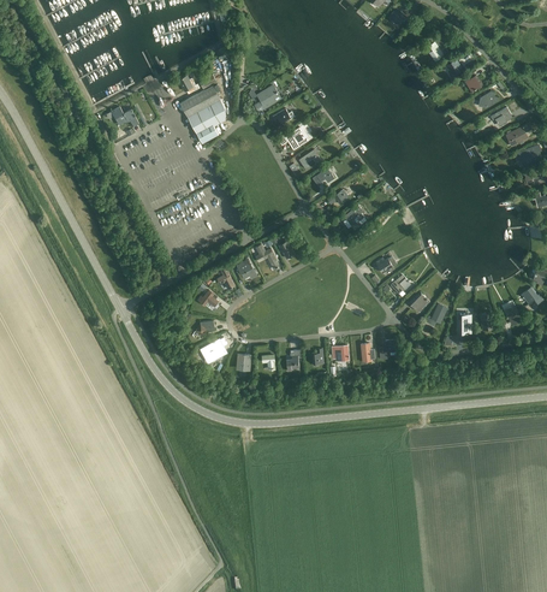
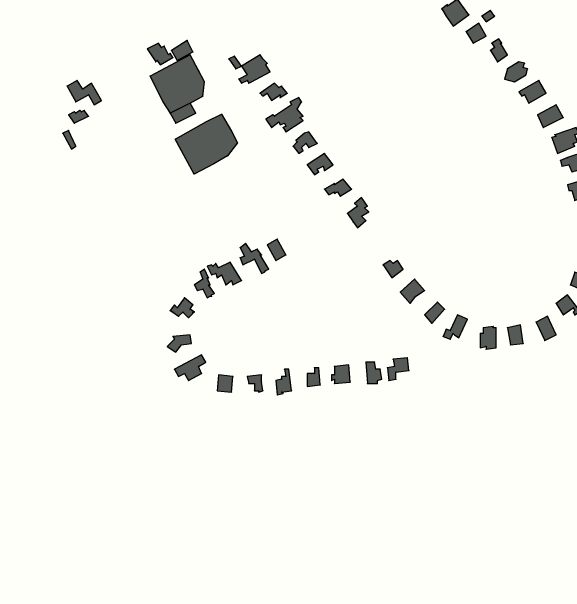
building: none -> [175,114,237,174]

